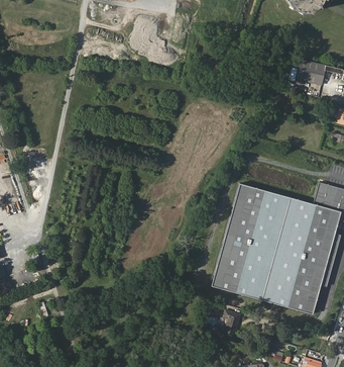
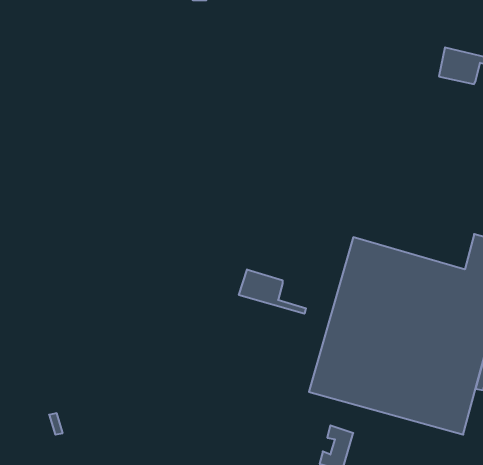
building: none -> [239,269,306,314]

